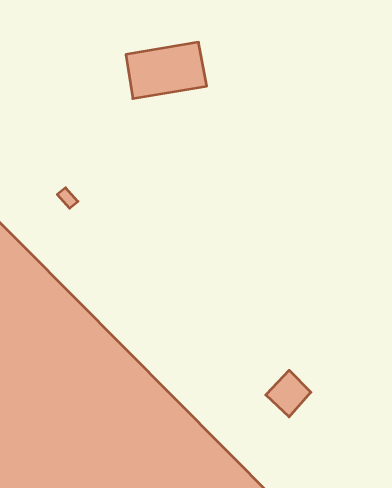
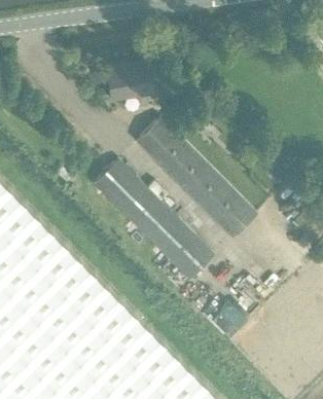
building: none -> [135,118,256,239]
building: none -> [93,160,213,280]

